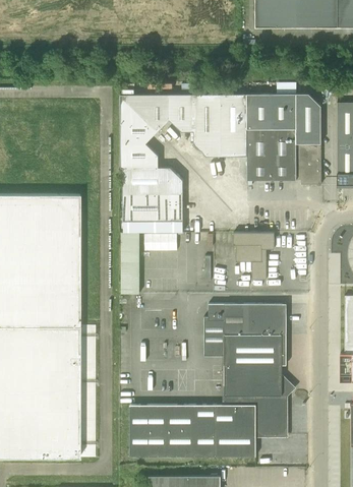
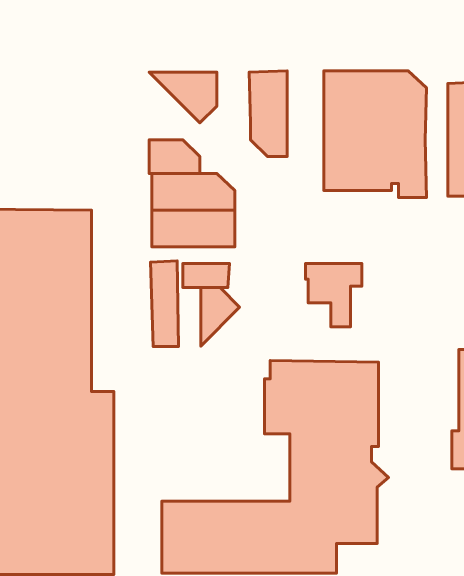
building: [221,94,247,156] -> none
building: [121,95,158,143] -> none
building: [170,95,194,131] -> none
building: none -> [201,287,239,346]

